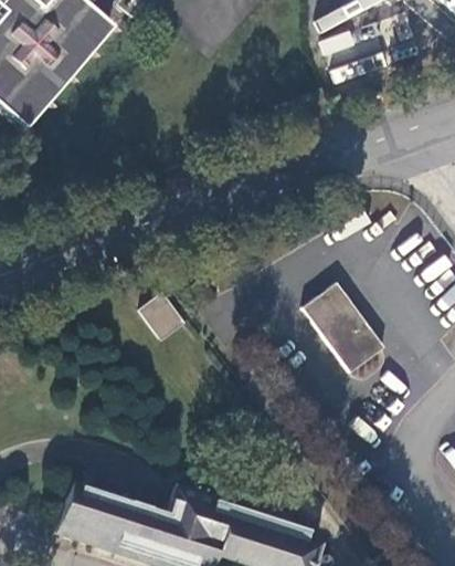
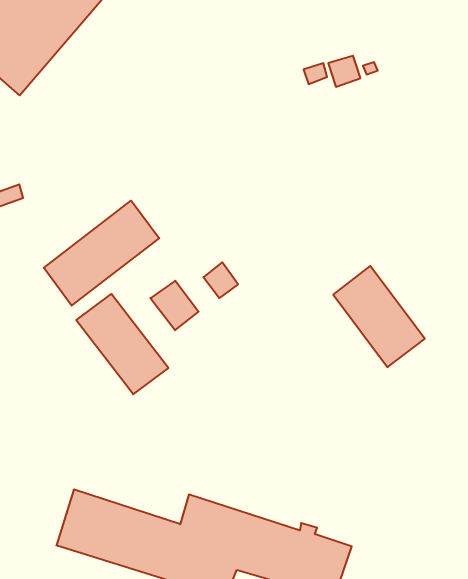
building: none -> [44,201,159,306]
building: none -> [76,294,168,394]

